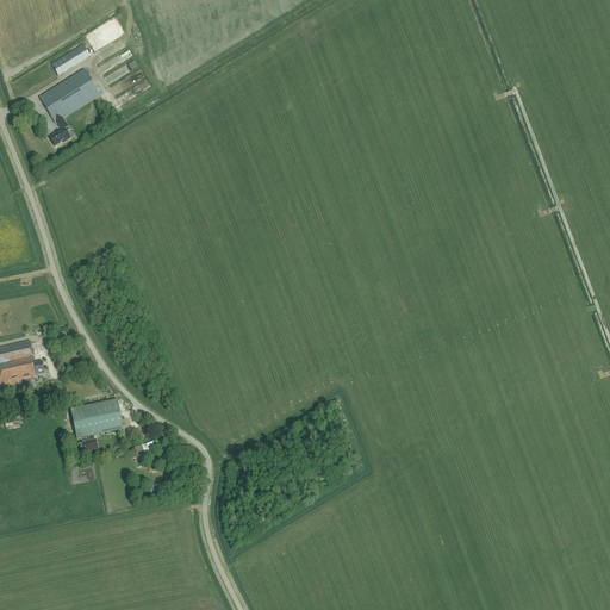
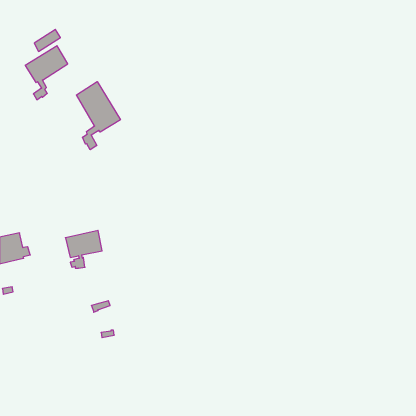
building: none -> [76,82,120,150]
building: [69,398,123,453] -> [65,230,102,268]

